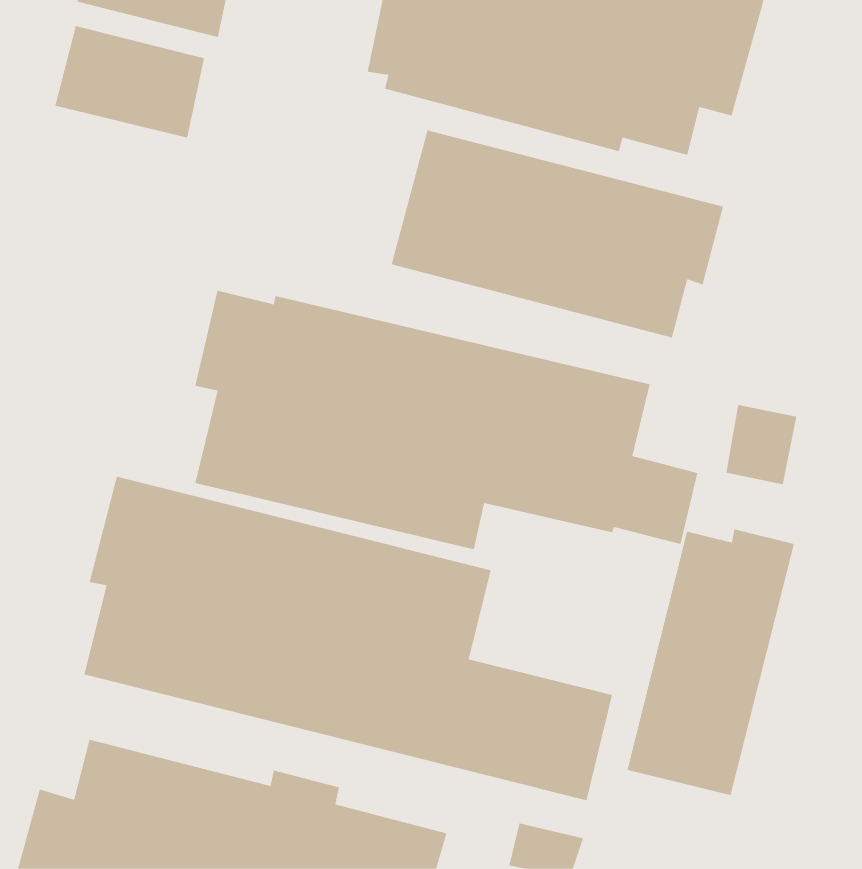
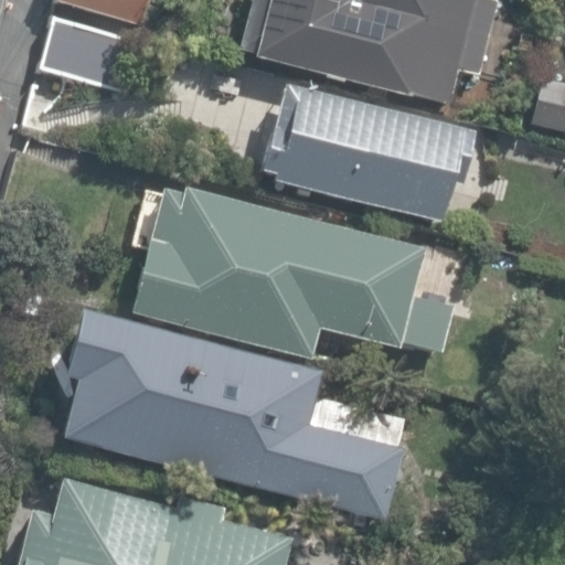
building: [627,528,795,796] -> none

